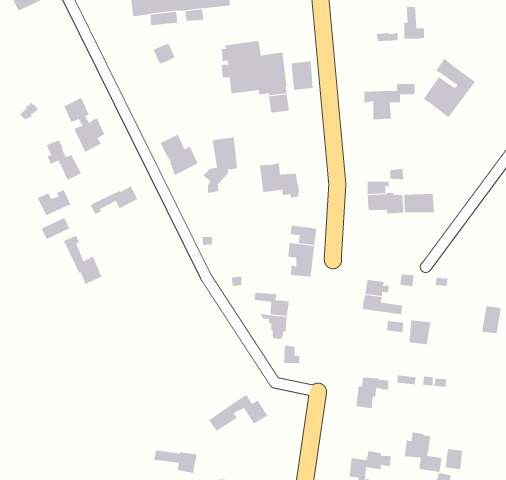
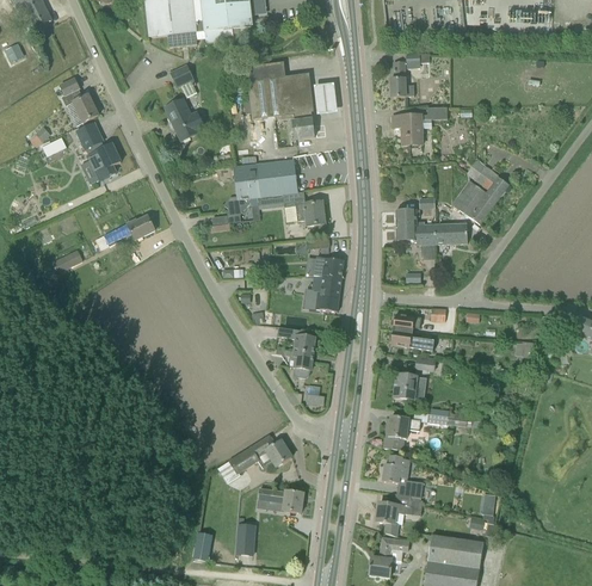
building: [403,6,425,39] -> [390,62,413,97]
building: [423,58,476,118] -> [451,161,507,224]
building: none -> [255,160,296,197]
building: [160,134,198,176] -> [164,98,204,142]
building: [46,140,82,180] -> [60,79,98,122]
building: [37,189,71,216] -> none
building: [63,235,102,285] -> none
building: [408,320,431,345] -> [393,374,417,400]
building: [404,432,442,472] -> [381,455,421,498]
building: [153,450,197,473] -> [257,488,303,513]

